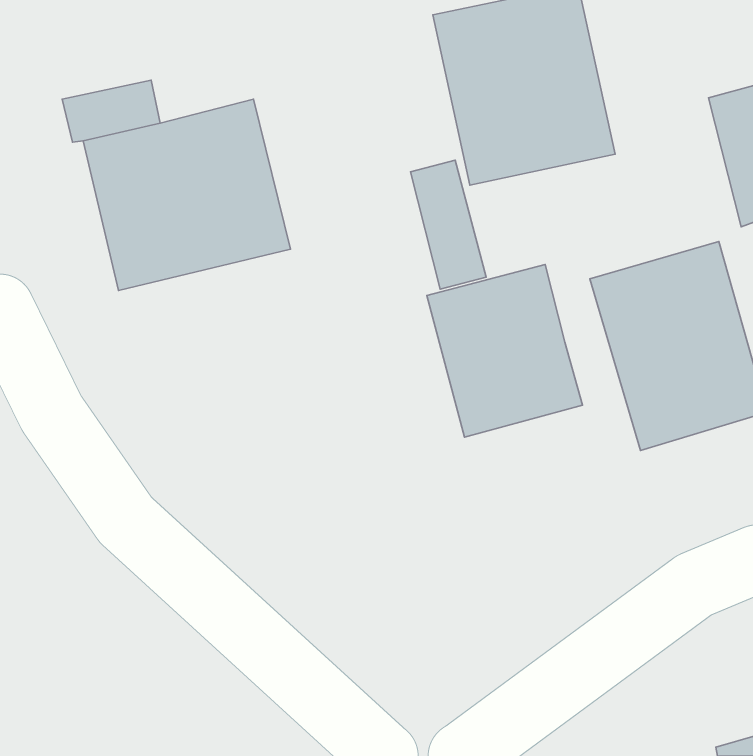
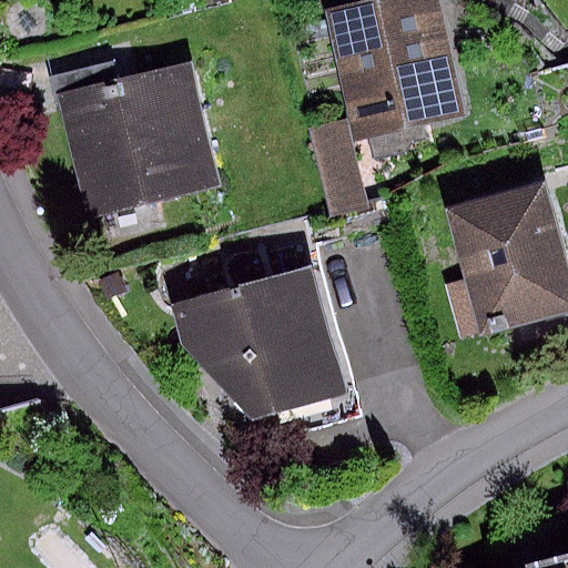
building: [427,265,582,437] -> none
building: none -> [173,268,345,416]

